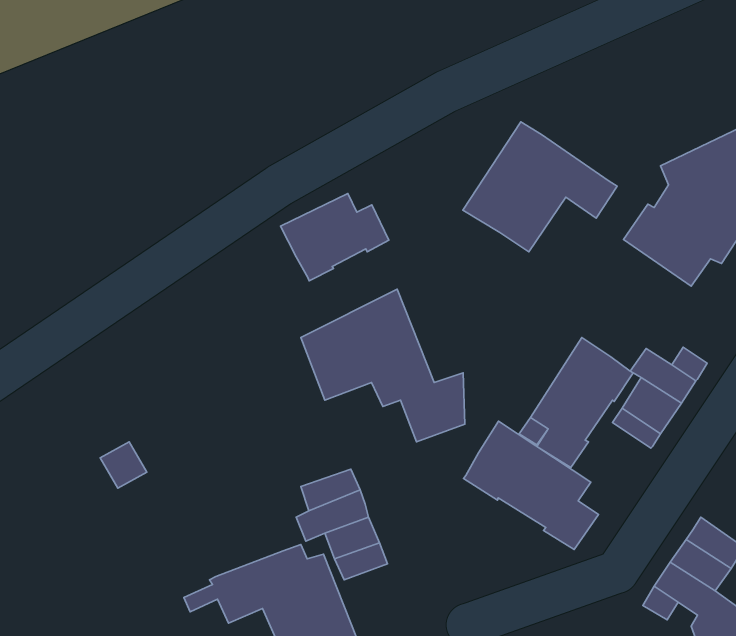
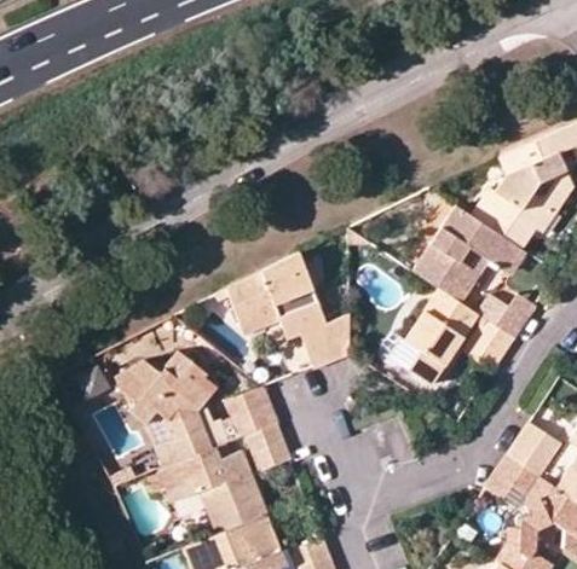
building: [463,122,617,252] -> [411,204,527,302]
building: [280,193,389,281] -> none
building: none -> [116,349,218,468]
building: [463,421,598,550] -> none

